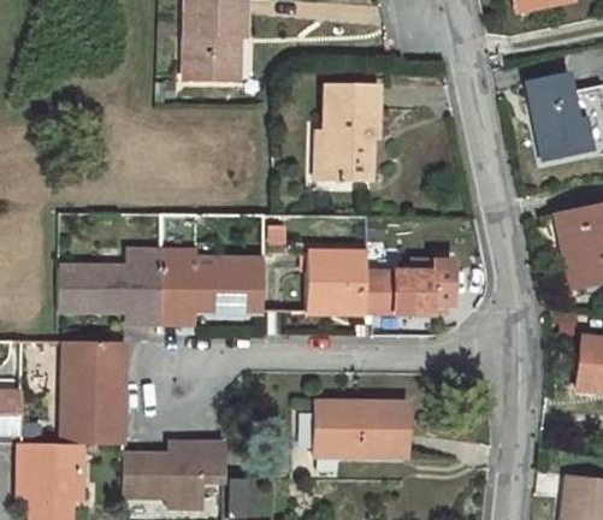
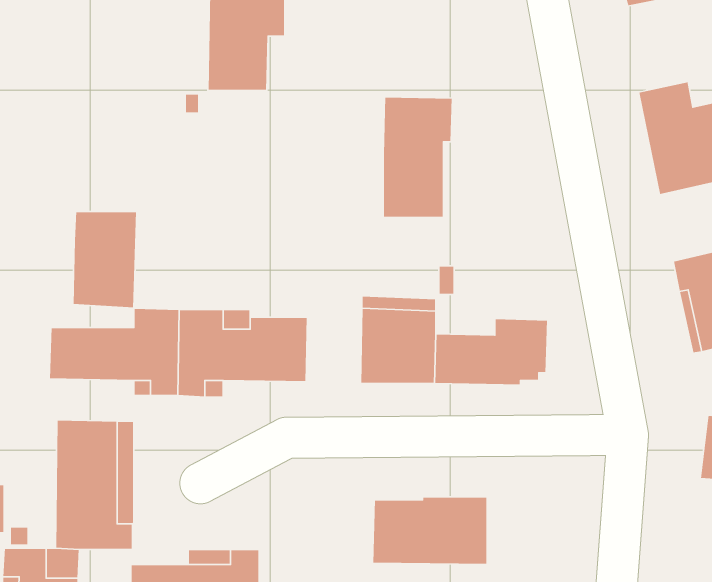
building: none -> [73,211,137,308]

